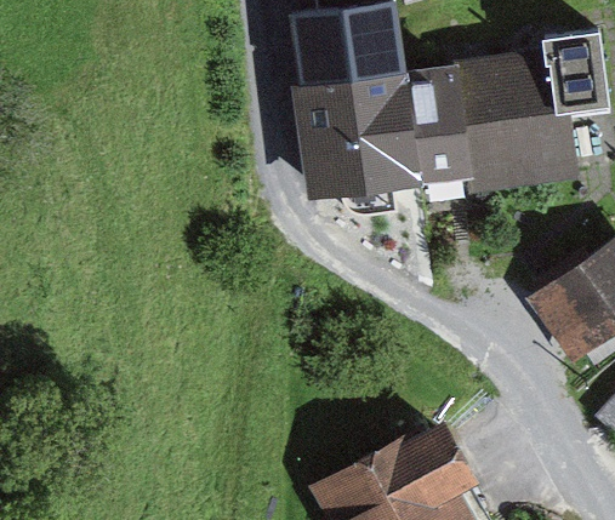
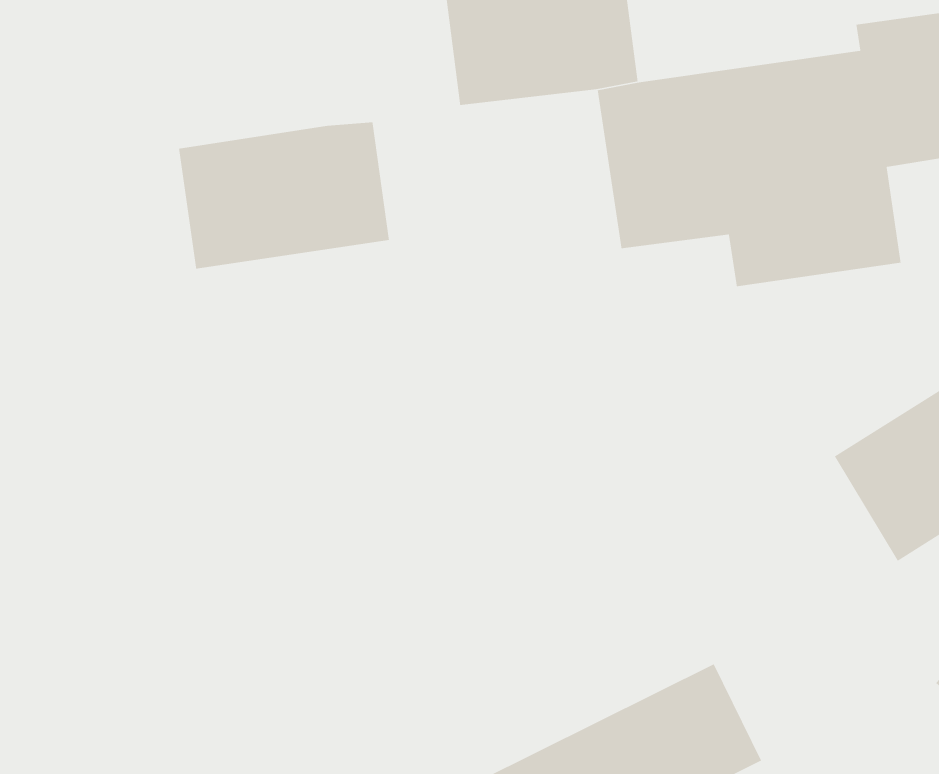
building: [290,74,402,185] -> none
building: none -> [178,121,390,269]

